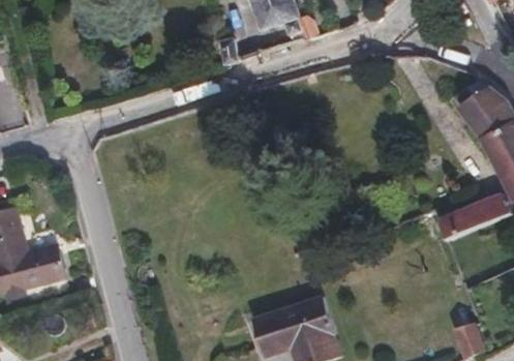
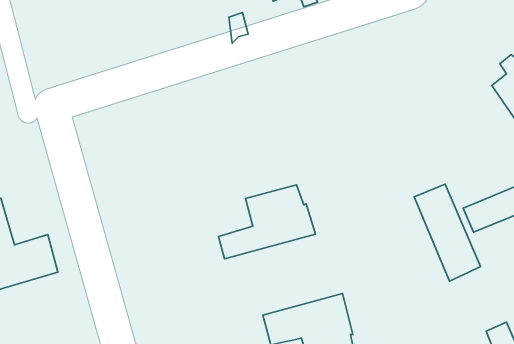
building: none -> [414,184,481,281]
building: none -> [218,185,315,259]

